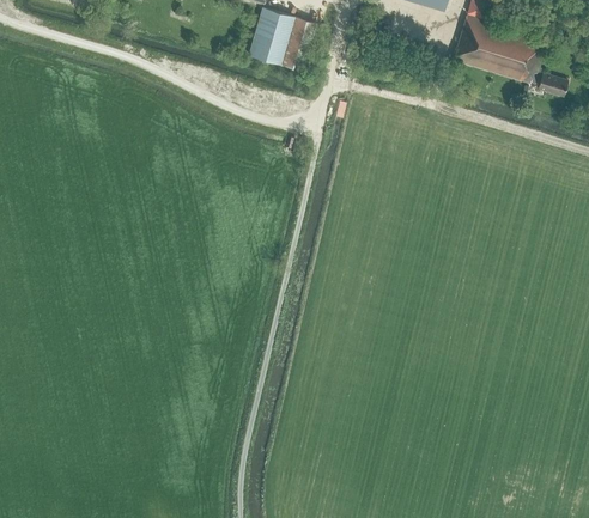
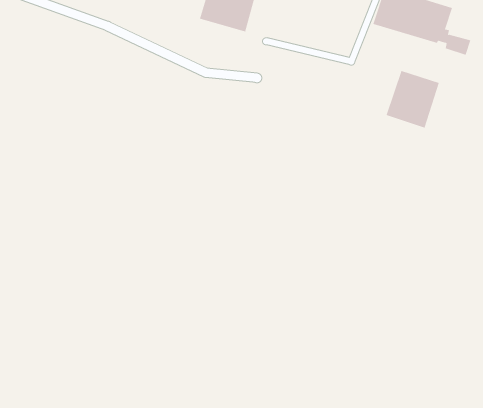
building: none -> [386,70,440,129]

